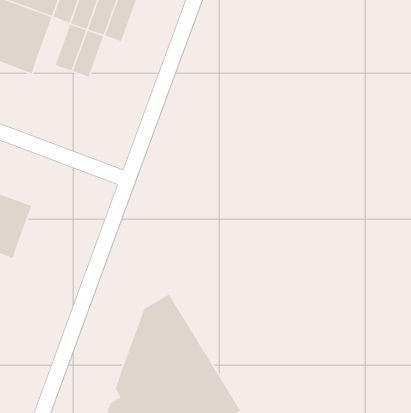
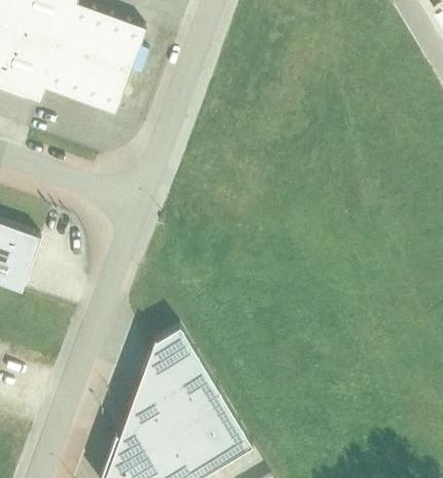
building: none -> [45,46,78,96]
building: none -> [98,66,131,114]

